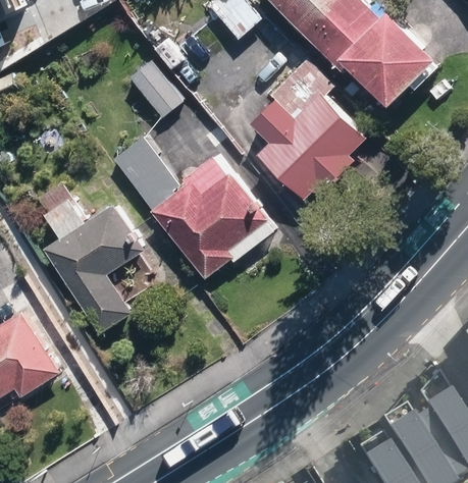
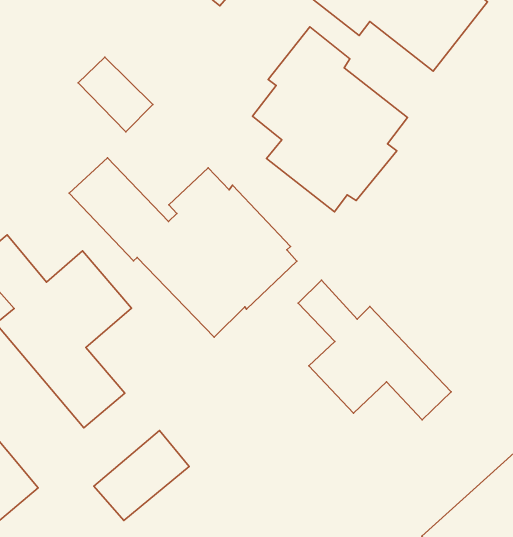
building: none -> [298,280,451,420]
building: none -> [94,430,189,521]

